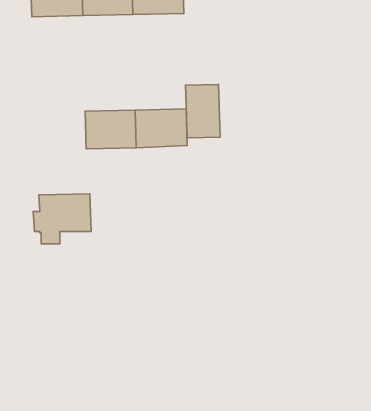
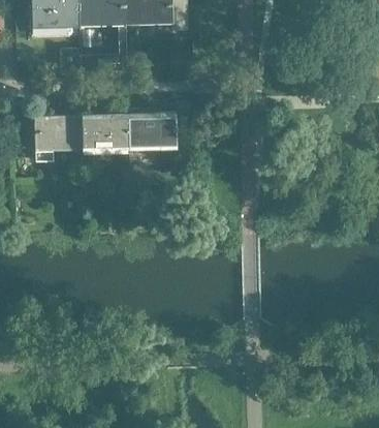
building: [186,85,220,138] -> none
building: [33,194,91,244] -> [29,116,83,162]

